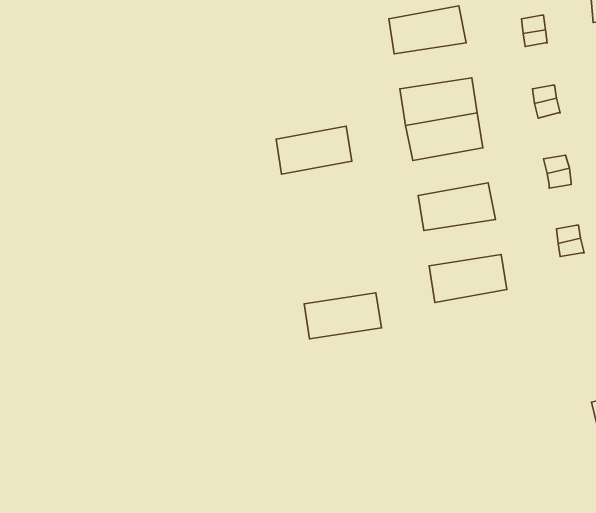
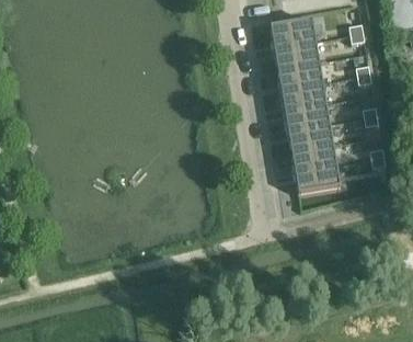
building: none -> [274,39,320,67]
building: [276,126,352,174] -> [285,102,330,130]
building: [304,293,381,339] -> [291,145,337,172]

